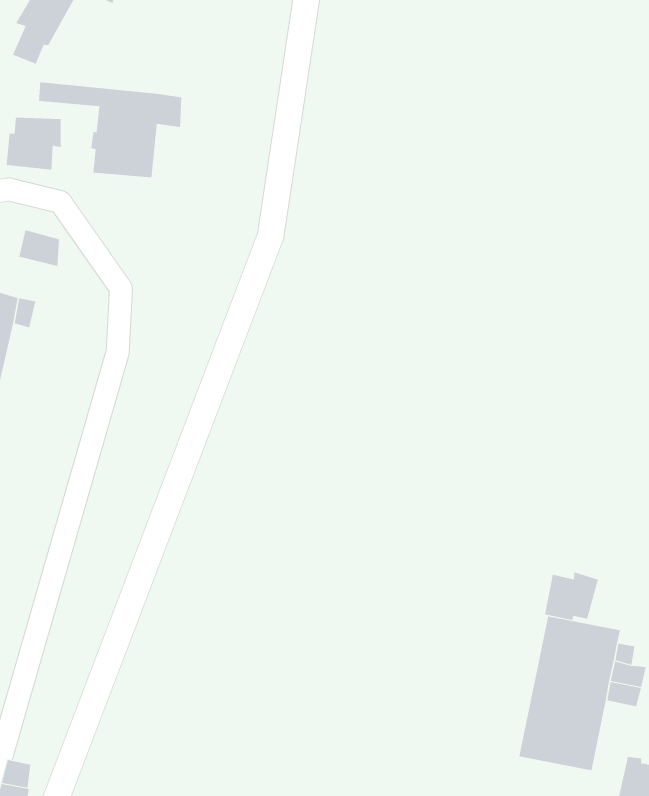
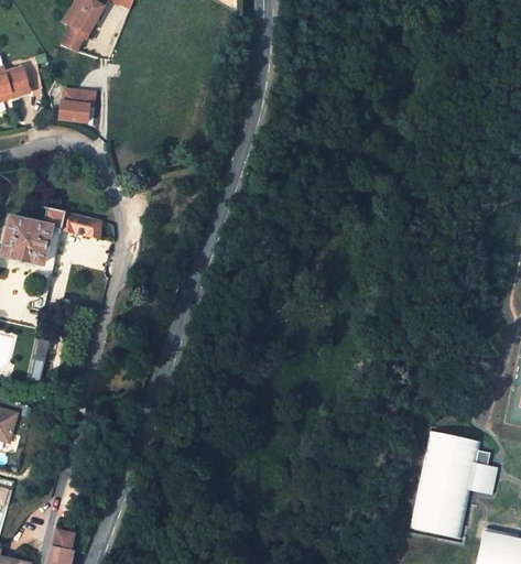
building: [39,81,182,178] -> none
building: [18,230,60,266] -> [73,214,101,239]
building: [544,572,599,621] -> none

